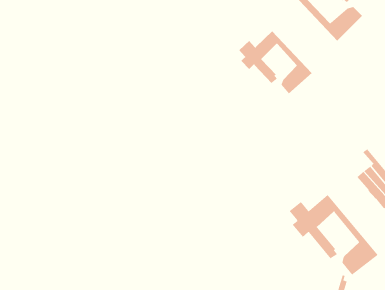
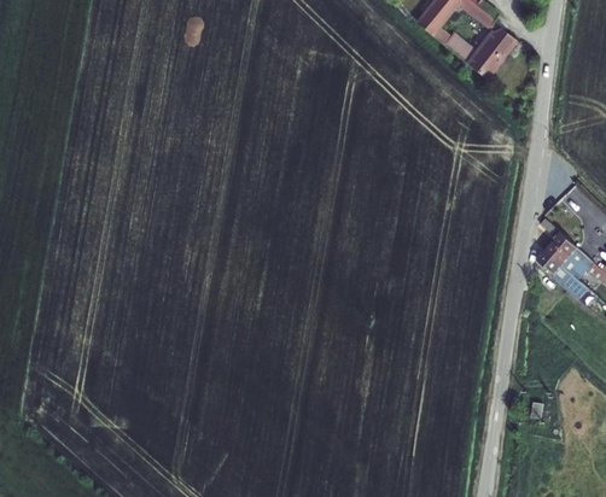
building: [238,30,312,94] -> none
building: [289,194,378,275] -> none

